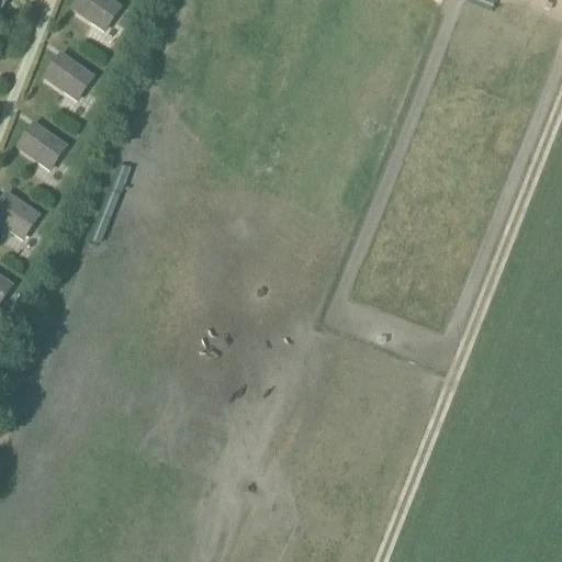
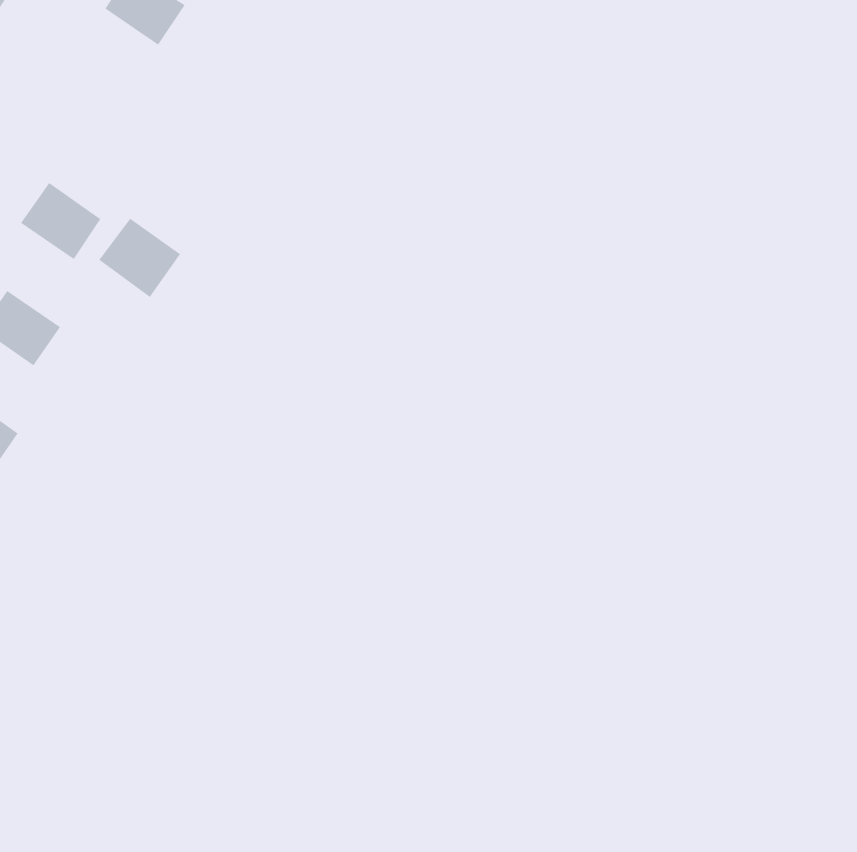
building: [41,49,93,100] -> none
building: none -> [99,218,181,298]

